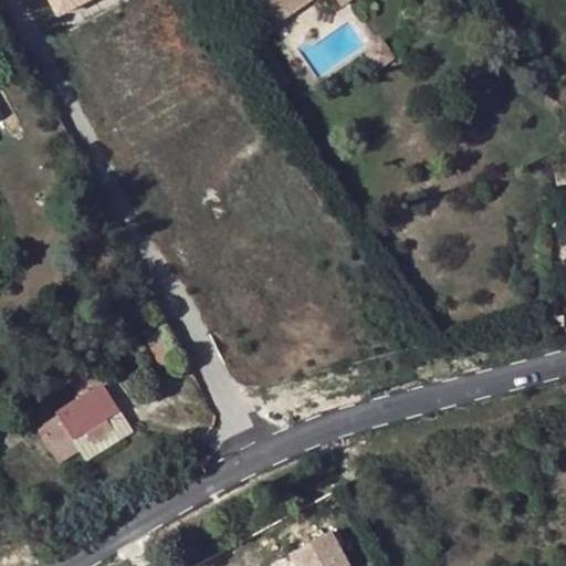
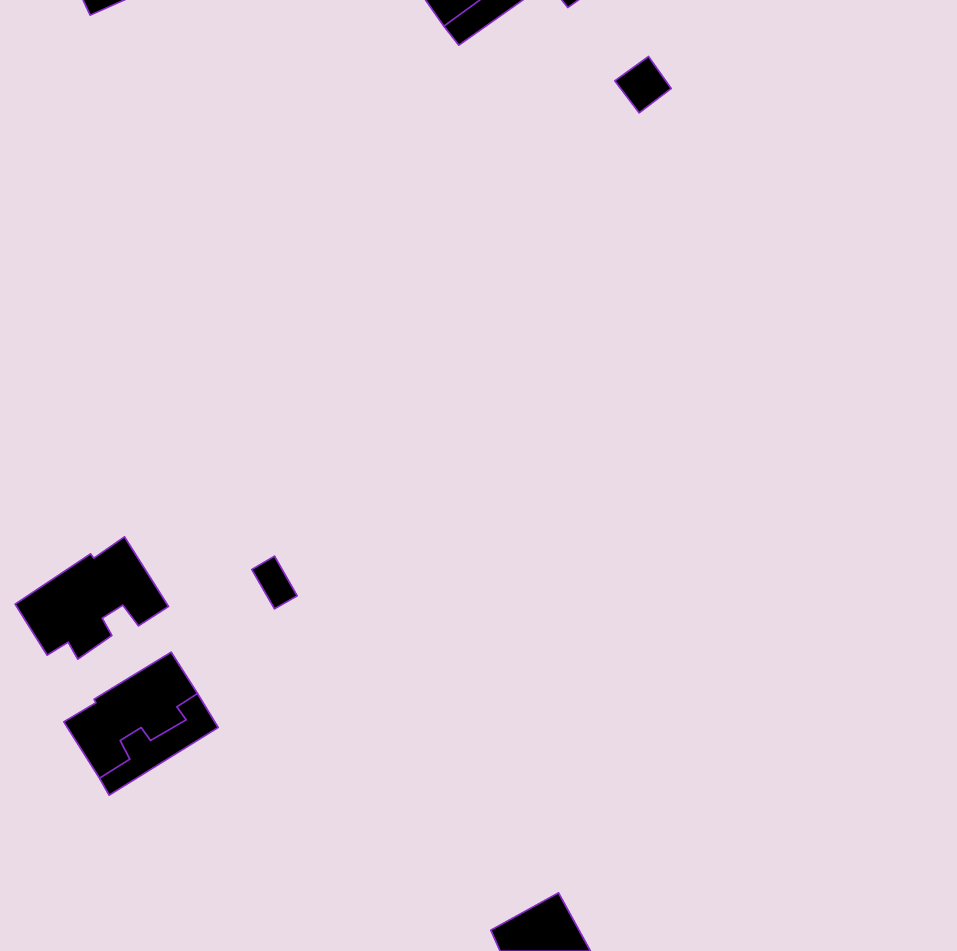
building: none -> [15,537,168,659]

